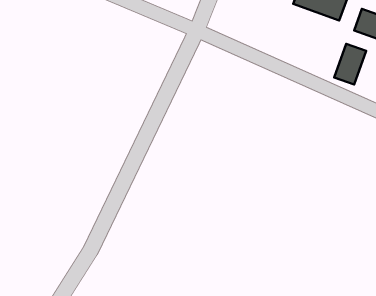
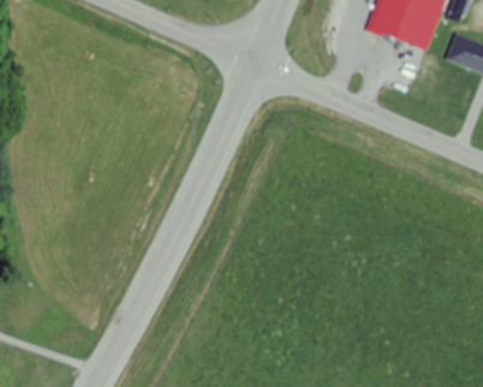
building: [334,44,366,84] -> none

